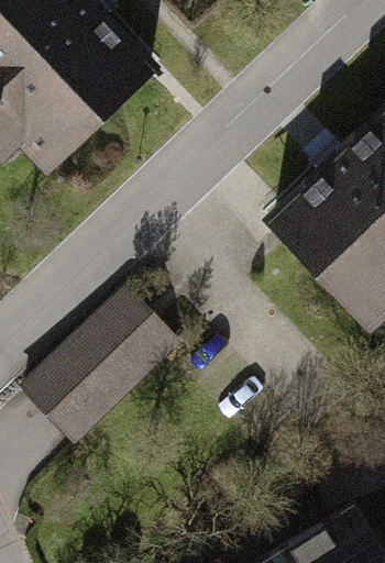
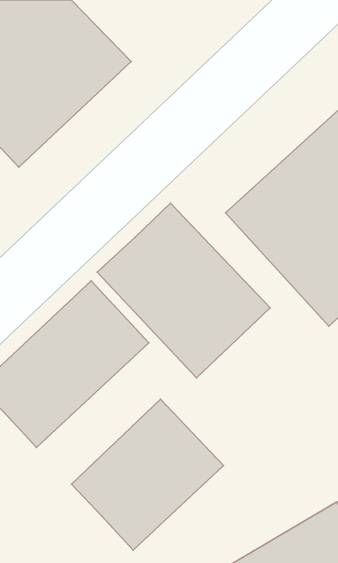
building: none -> [97,203,270,378]
building: none -> [71,399,223,550]

